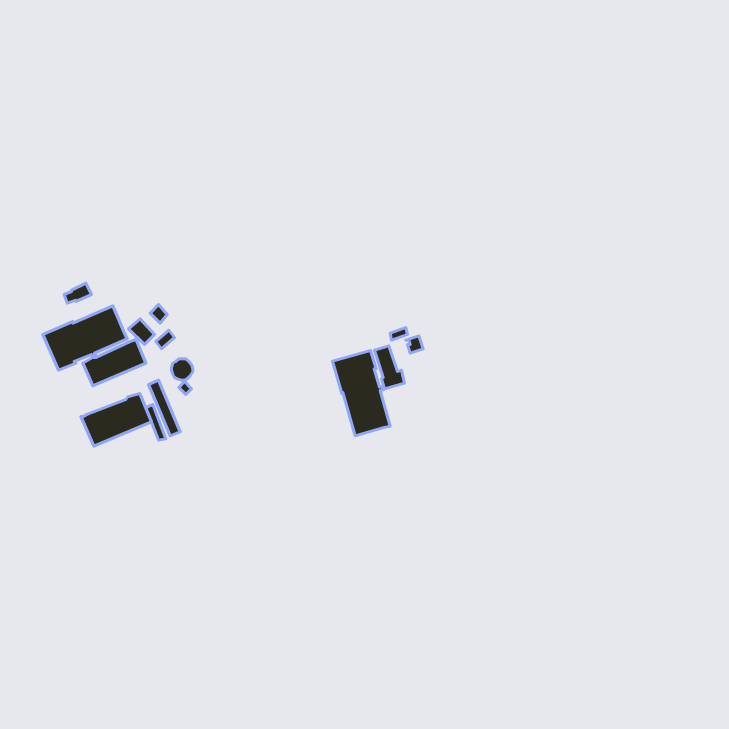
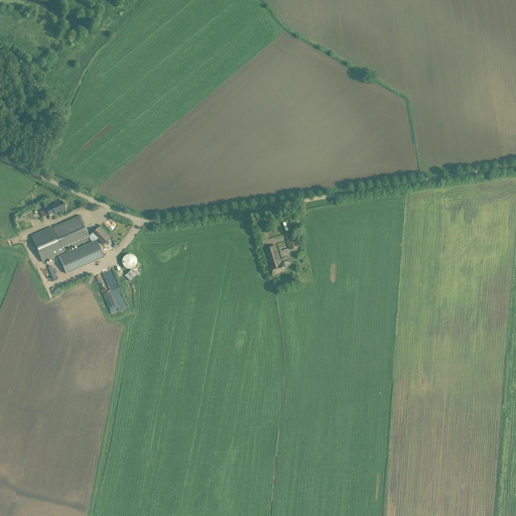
building: [332,351,390,436] -> none
building: [81,394,152,446] -> none

